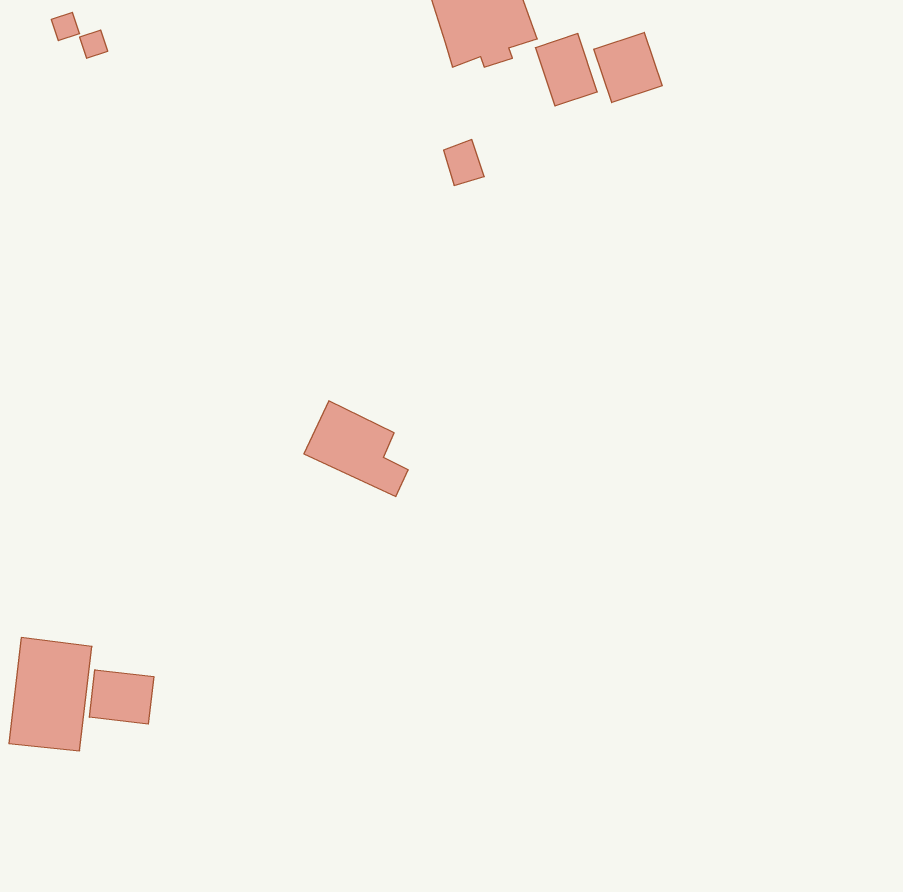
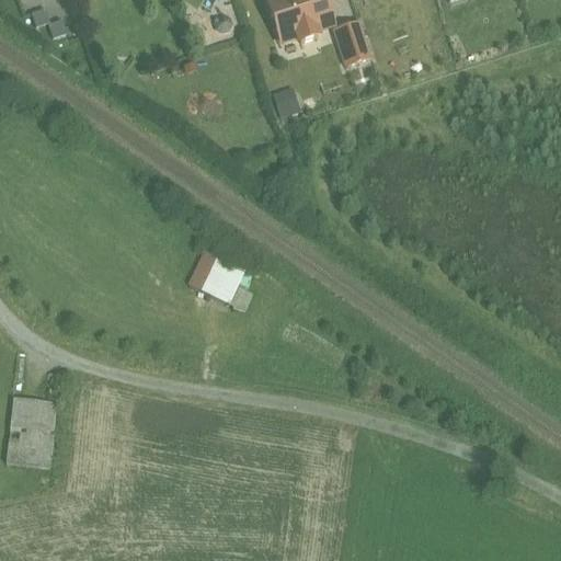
building: [594,32,662,103] -> none
building: [89,670,154,724] -> none

